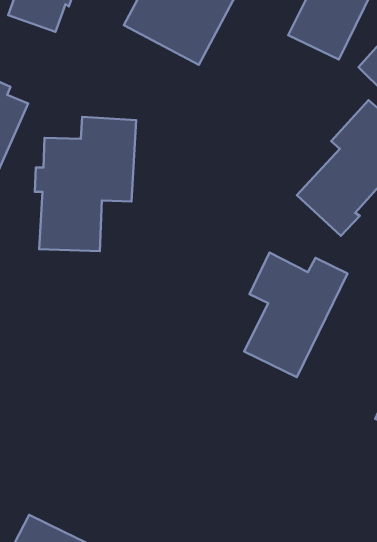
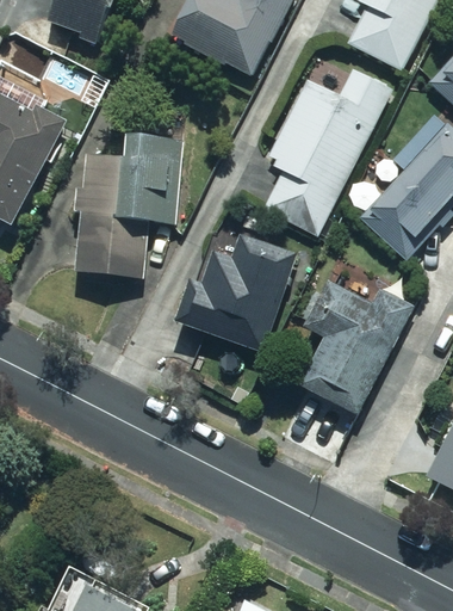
building: none -> [261,66,392,239]
building: none -> [178,232,296,353]

